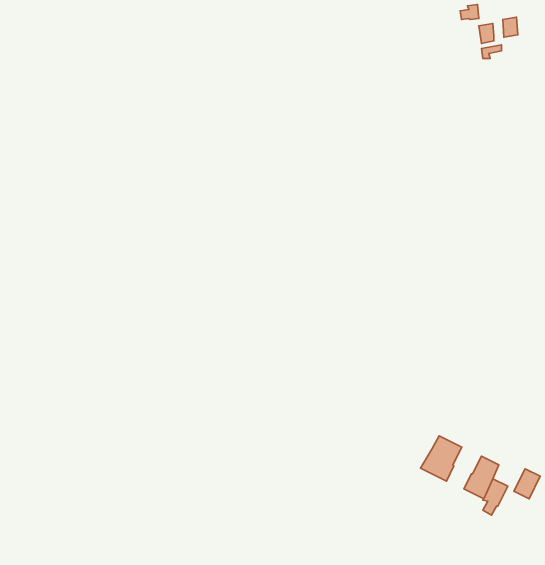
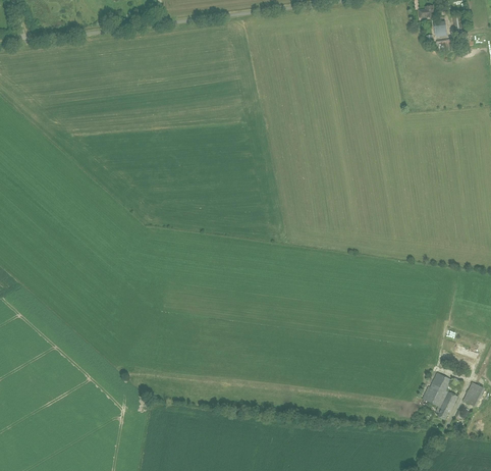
building: [421,436,462,481] -> none

